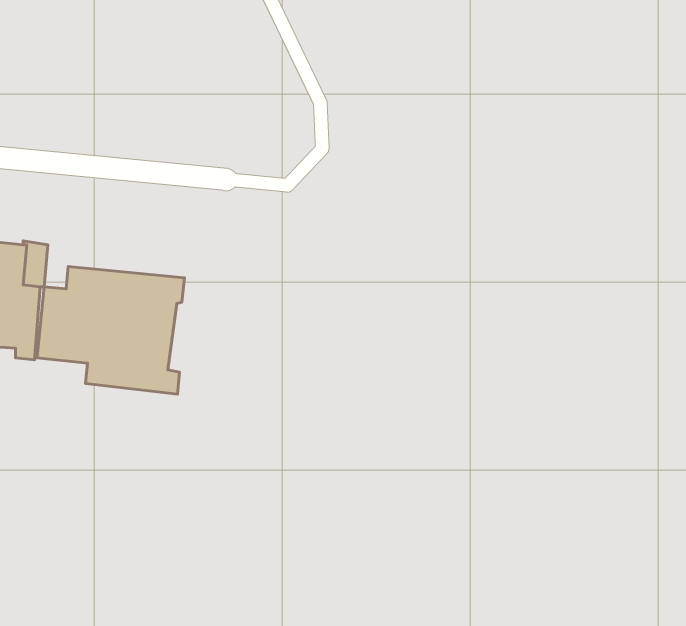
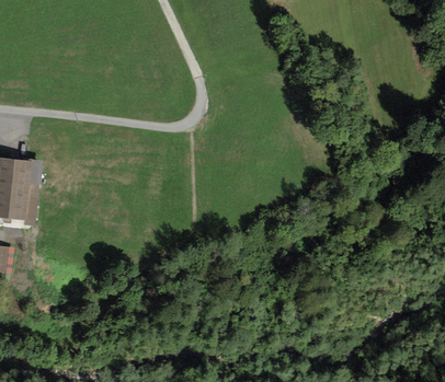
building: [37,267,185,394] -> none

